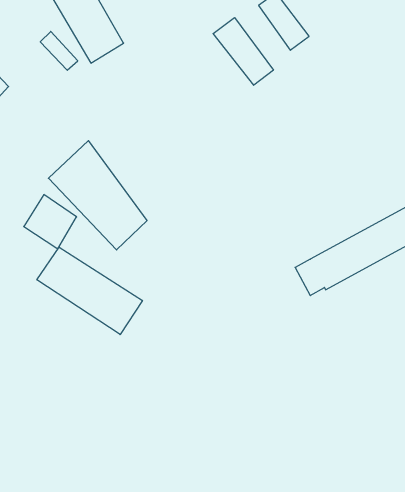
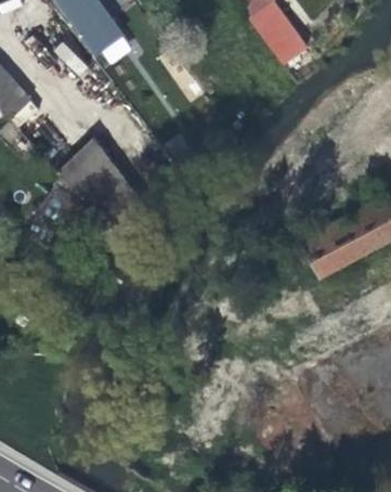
building: [213,18,273,85] -> none
building: [37,247,142,335] -> none

